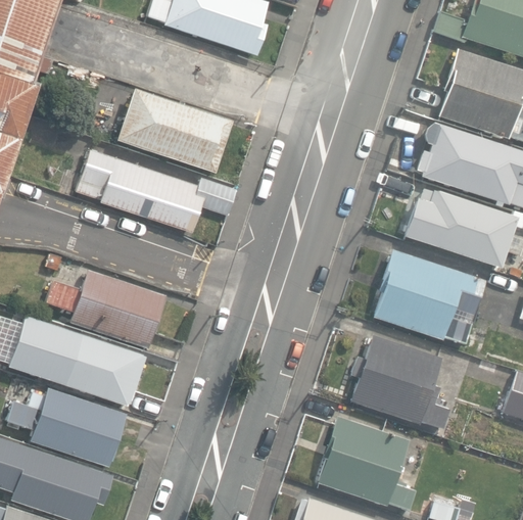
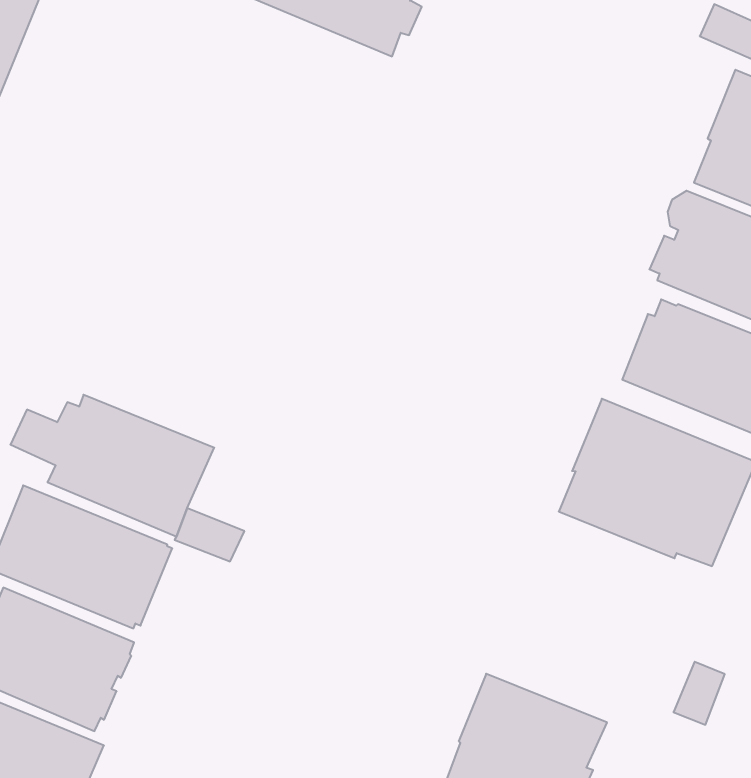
building: [115,88,231,173] -> none
building: [77,148,238,232] -> none
building: [349,333,448,428] -> none

